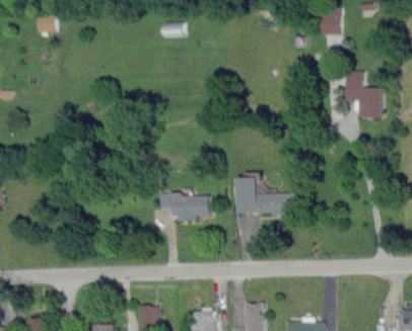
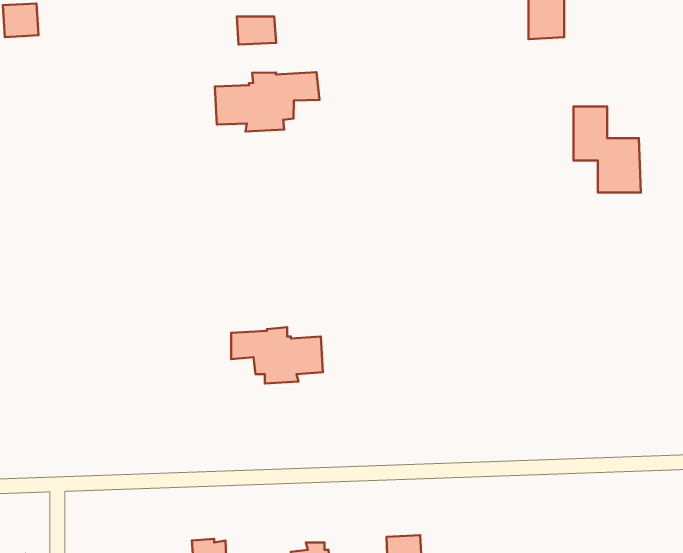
building: none -> [215,72,320,132]
building: [238,177,300,215] -> none

